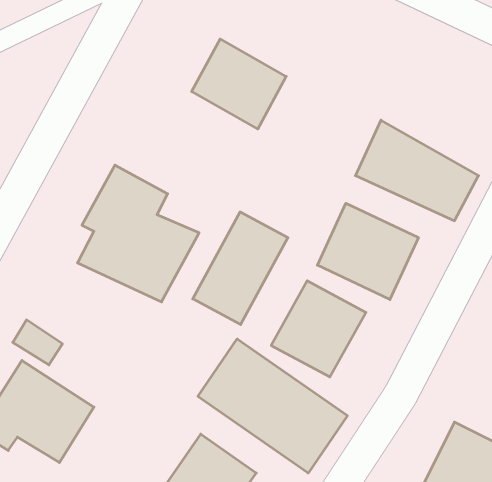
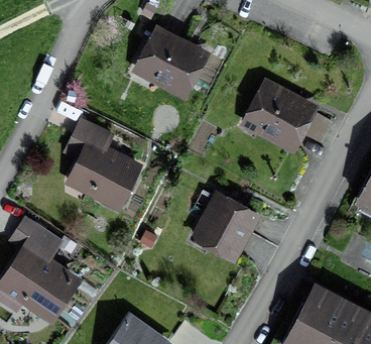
building: [317,203,418,300] -> none
building: [193,212,288,325] -> none
building: [198,339,347,473] -> none

